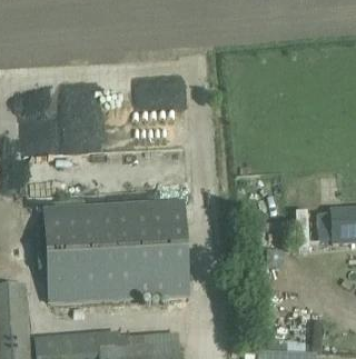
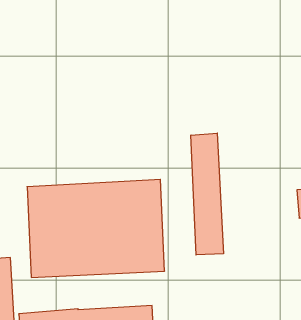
building: none -> [191,133,223,255]

